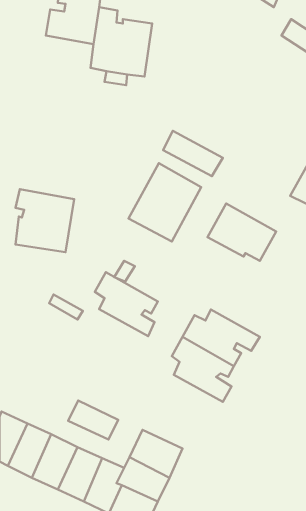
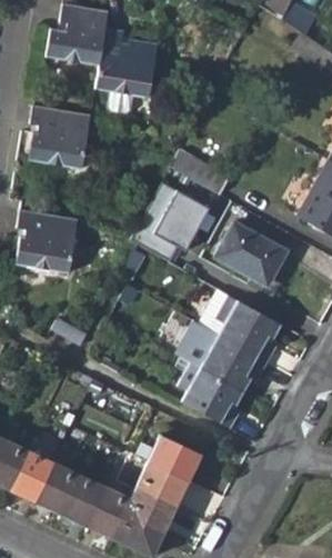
building: none -> [29,100,90,167]
building: [95,272,158,336] -> [213,295,278,360]
building: [68,400,118,439] -> [148,435,199,475]

